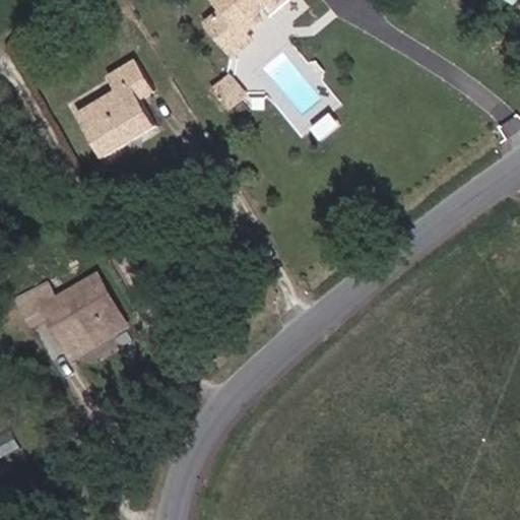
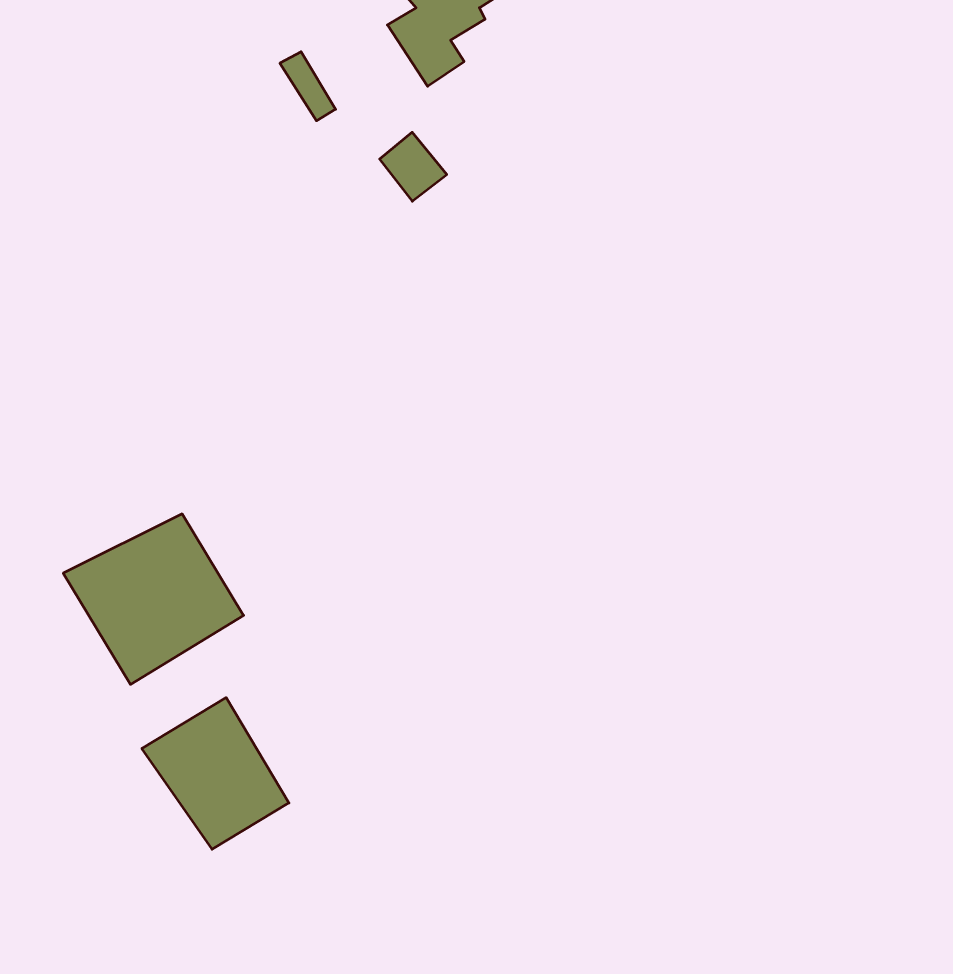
building: [74,60,152,159] -> none
building: none -> [142,698,289,849]

